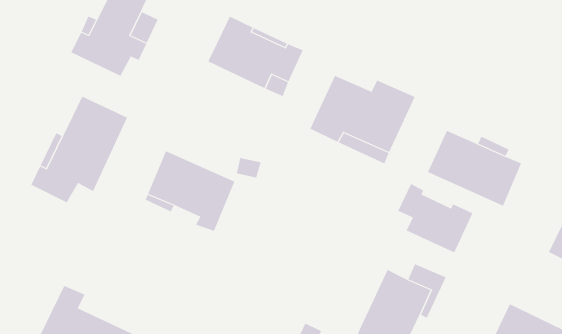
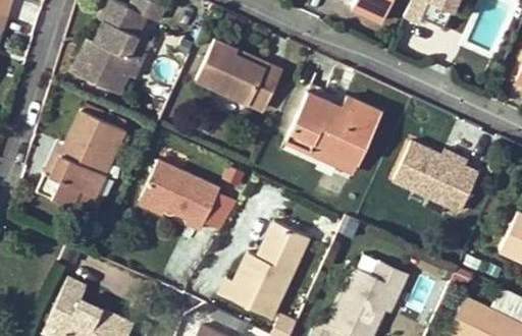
building: [398,183,473,253] -> none
building: none -> [221,222,310,318]

